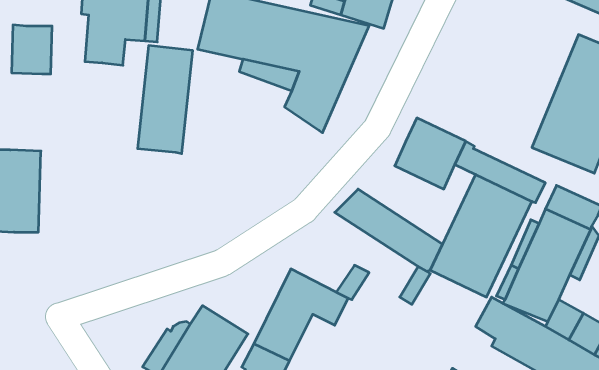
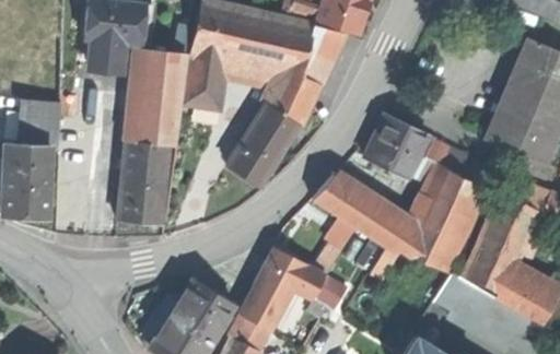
building: [12,25,52,74] -> [22,99,58,143]
building: none -> [182,52,230,104]
building: none -> [226,104,298,186]
building: none -> [117,140,170,224]

